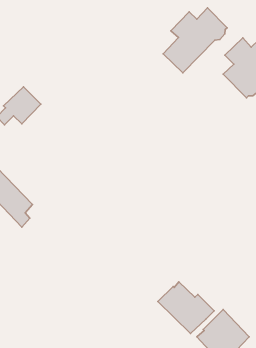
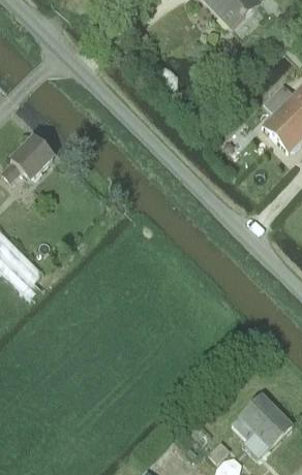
building: [163,8,227,73] -> none
building: [158,282,214,334] -> none

